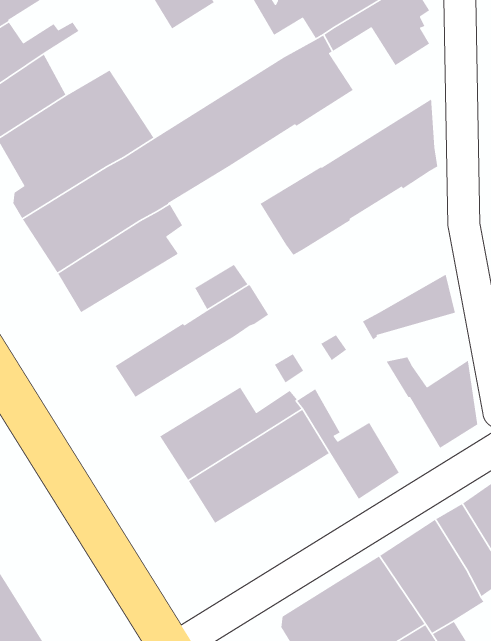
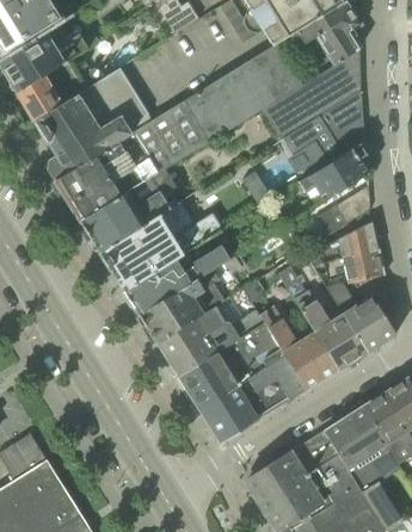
building: none -> [259,49,361,141]
building: none -> [300,144,367,200]
building: none -> [318,185,370,235]
building: none -> [98,202,192,290]
building: none -> [320,250,385,283]
building: none -> [139,268,225,342]
building: none -> [294,290,367,370]
building: none -> [198,355,306,444]

